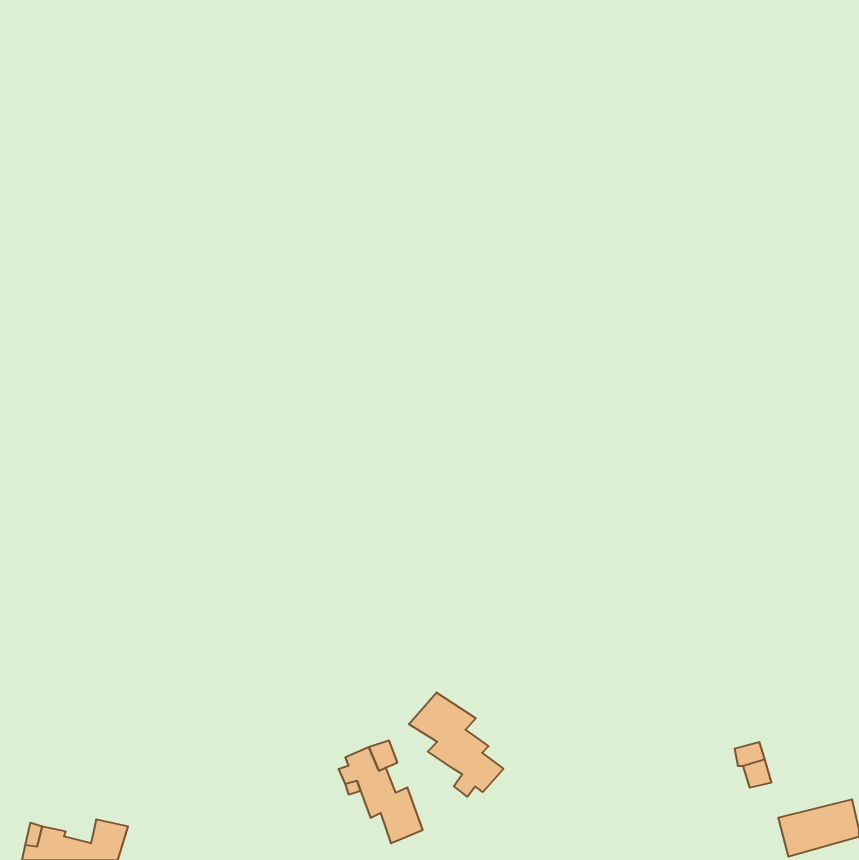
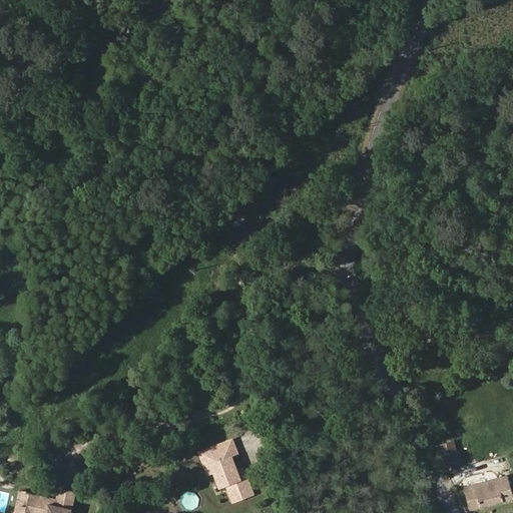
building: [409,692,503,797] -> none

